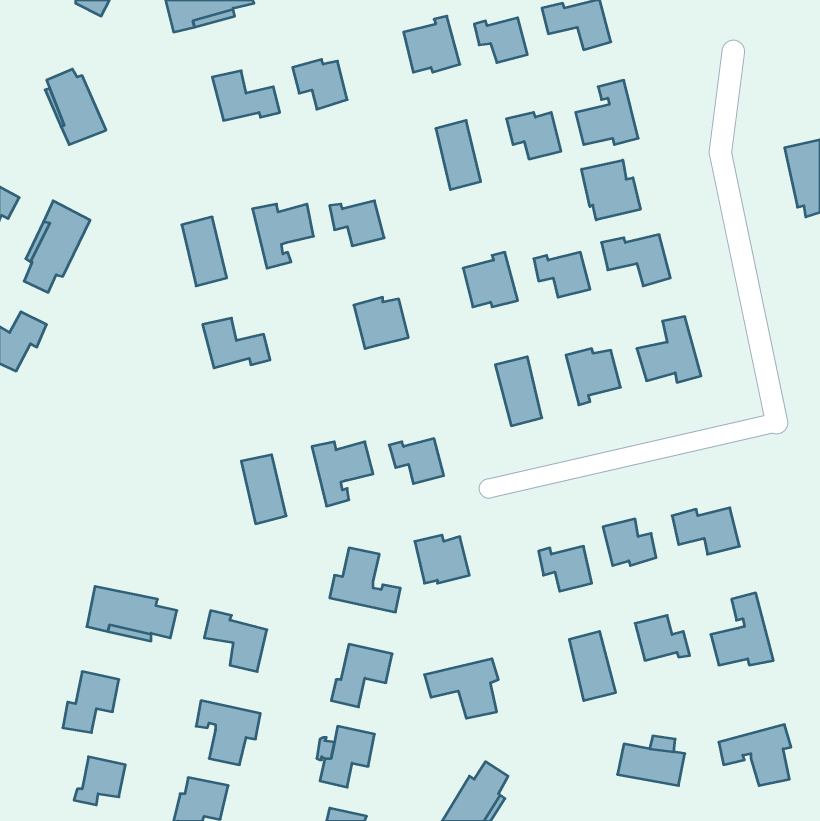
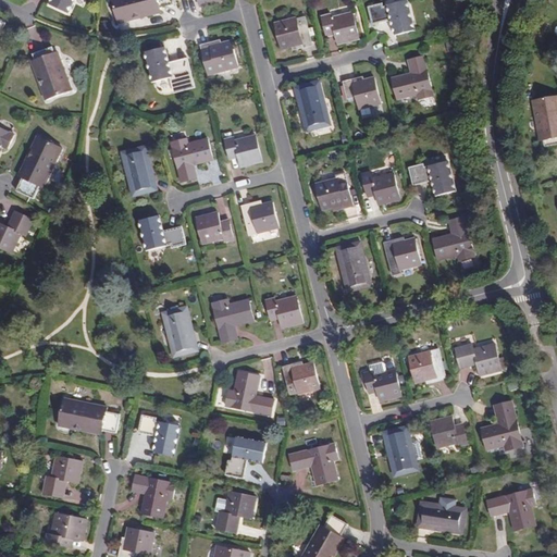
building: [582,160,640,220] -> none
building: none -> [194,212,232,243]

